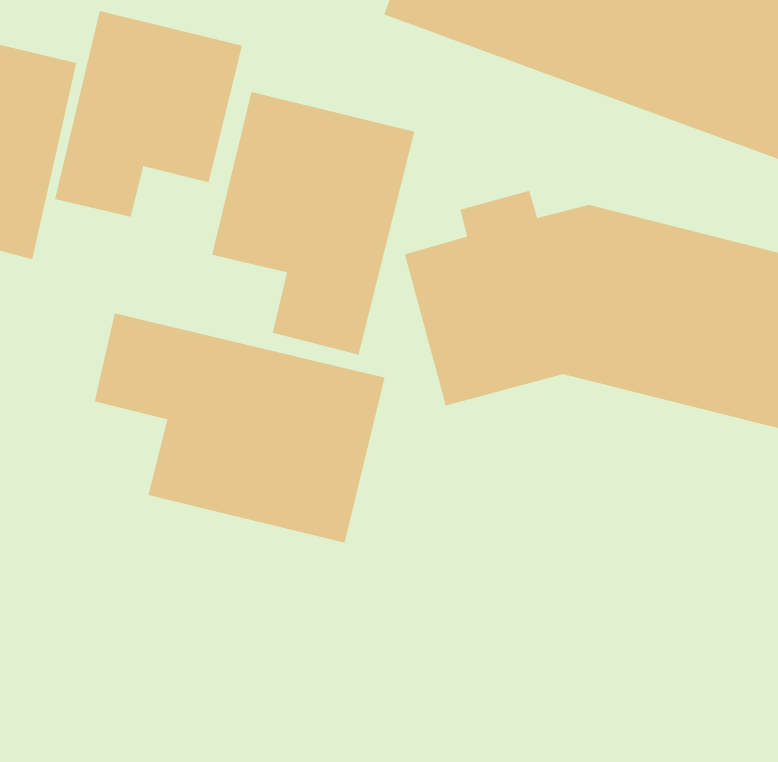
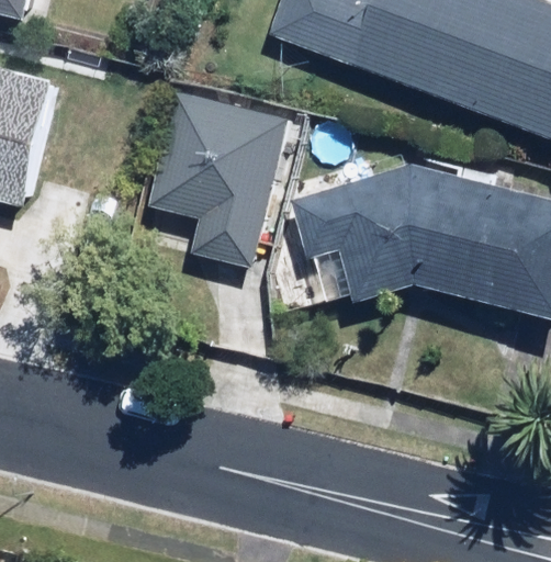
building: [54,10,243,217] -> none
building: [94,313,386,543] -> none

